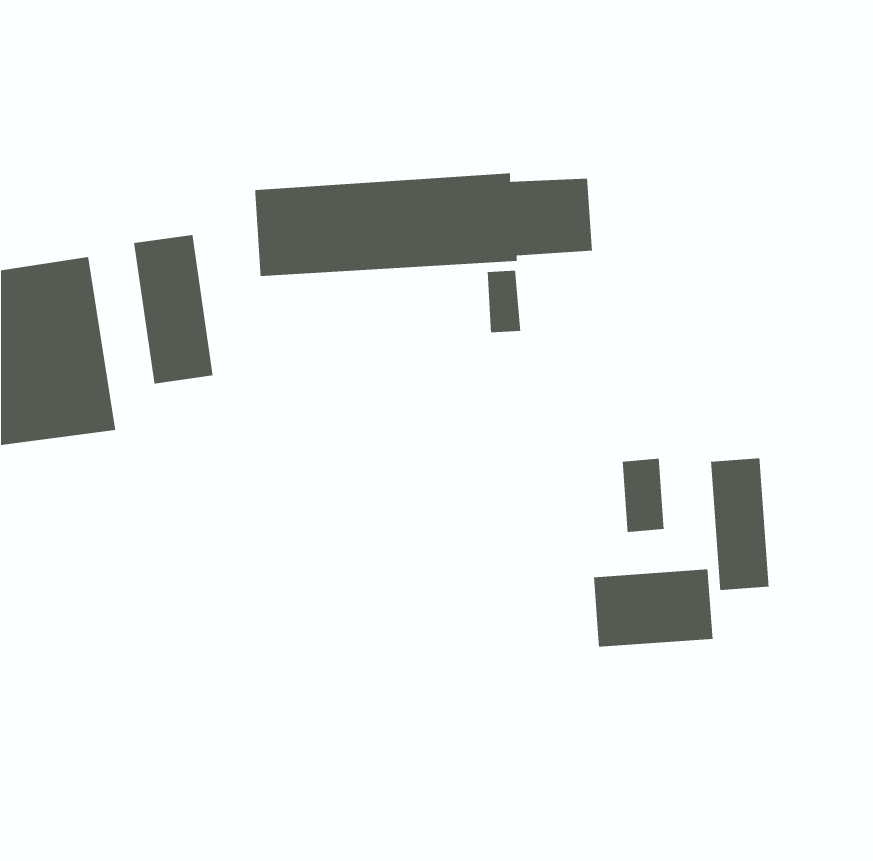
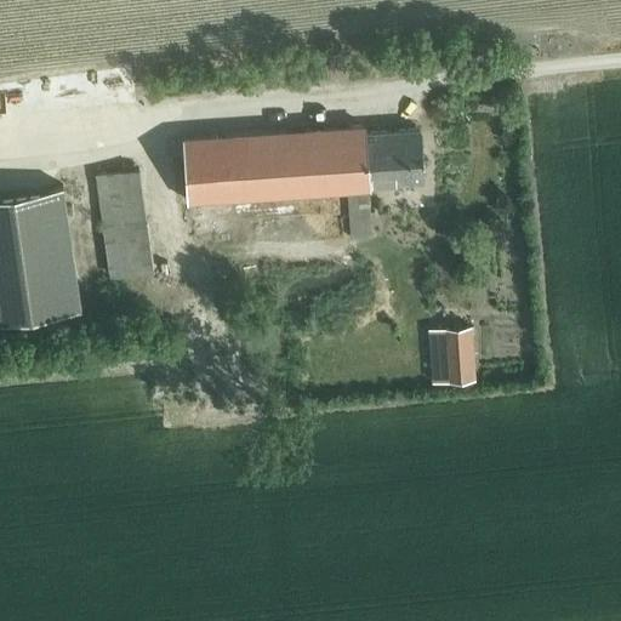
building: [710,457,769,591] -> none
building: [593,569,713,648] -> none

